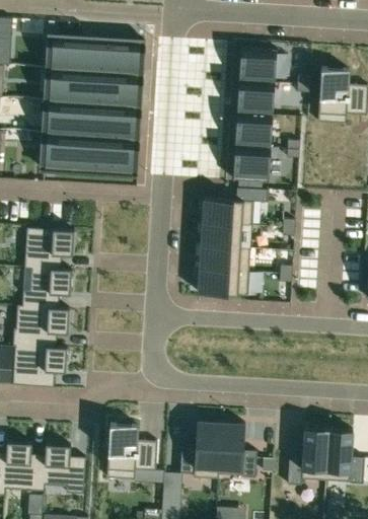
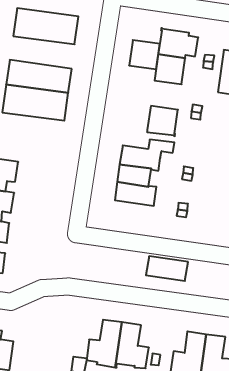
building: [53,72,133,107] -> none
building: [235,114,272,148] -> [129,40,160,69]
building: [198,269,249,296] -> [146,256,188,281]
building: [106,424,157,478] -> none

